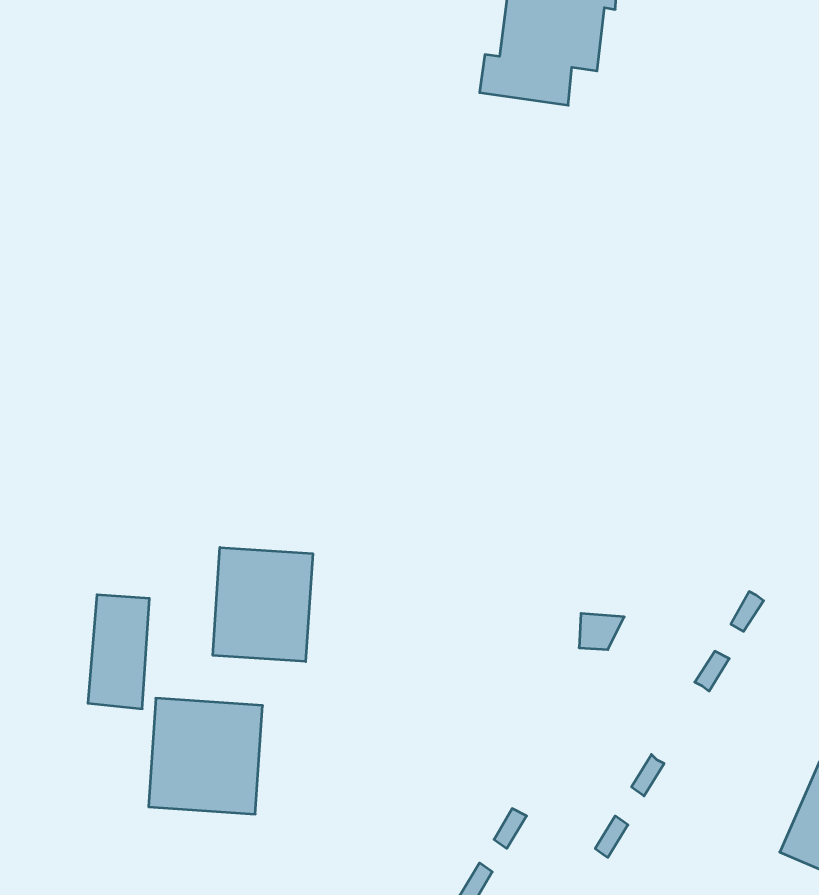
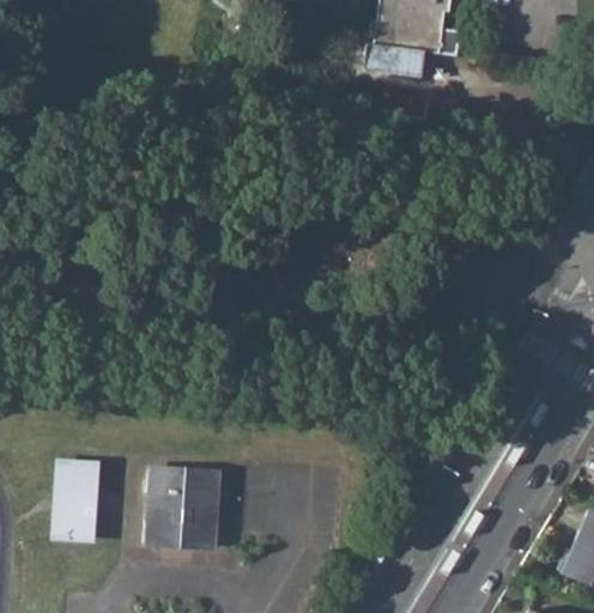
building: [213,547,313,662] -> none
building: [88,595,149,709] -> [55,463,96,539]

